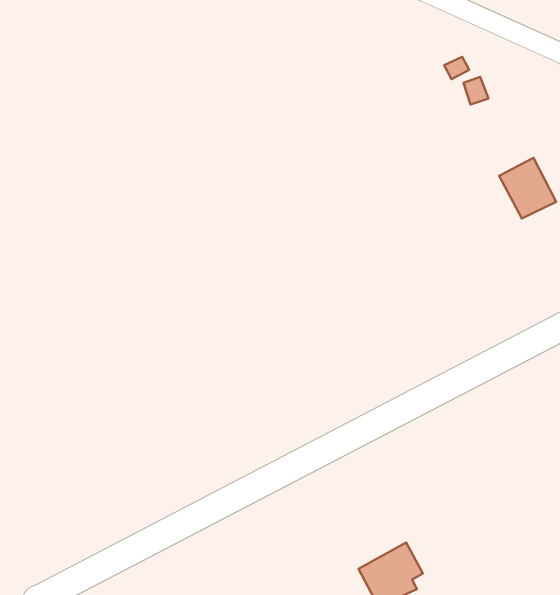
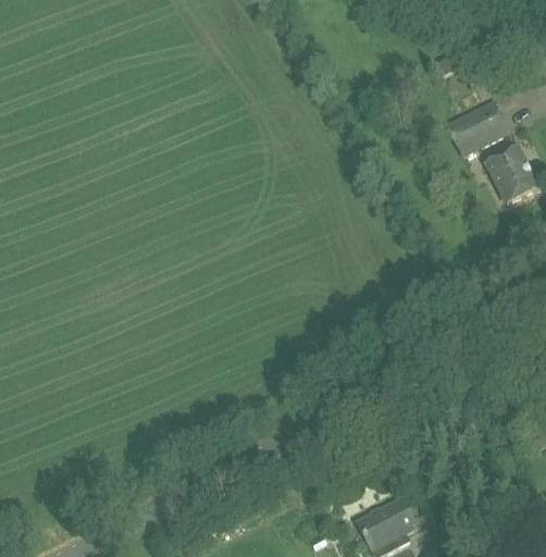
building: none -> [446,100,509,154]

